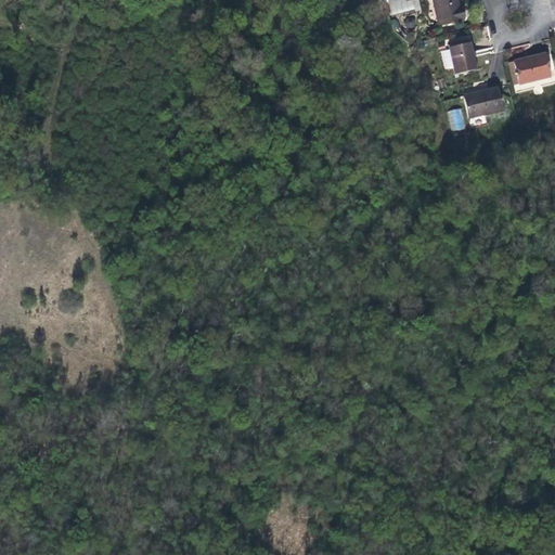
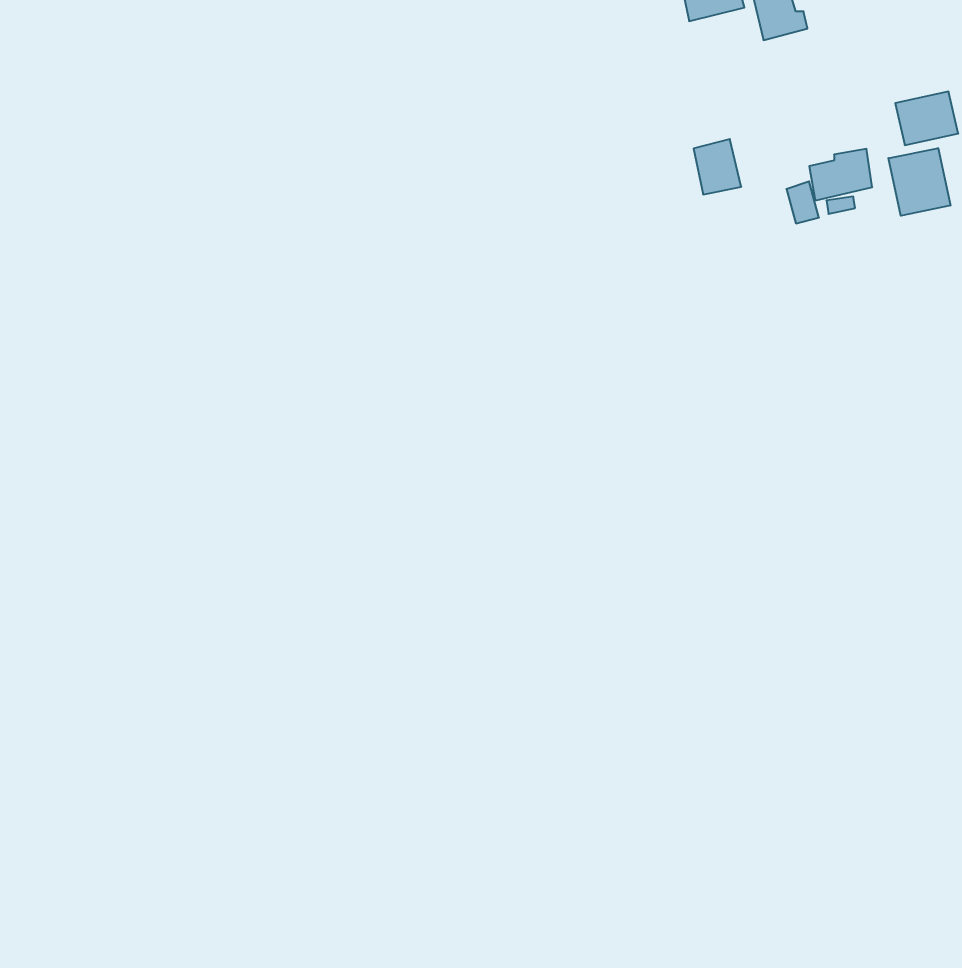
building: [449,40,476,72] -> [694,139,741,194]
building: none -> [888,148,950,216]

